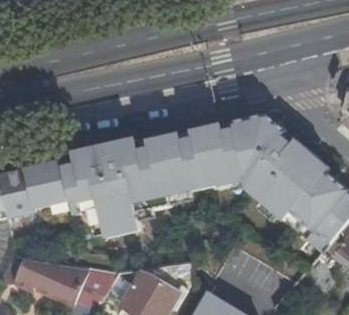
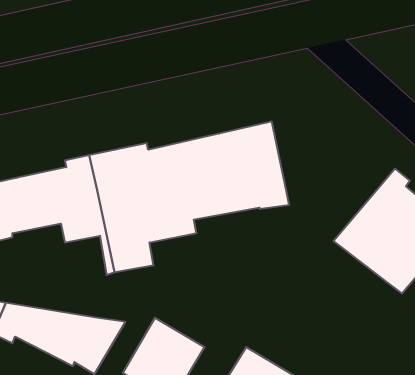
building: [227,114,319,212] -> none

